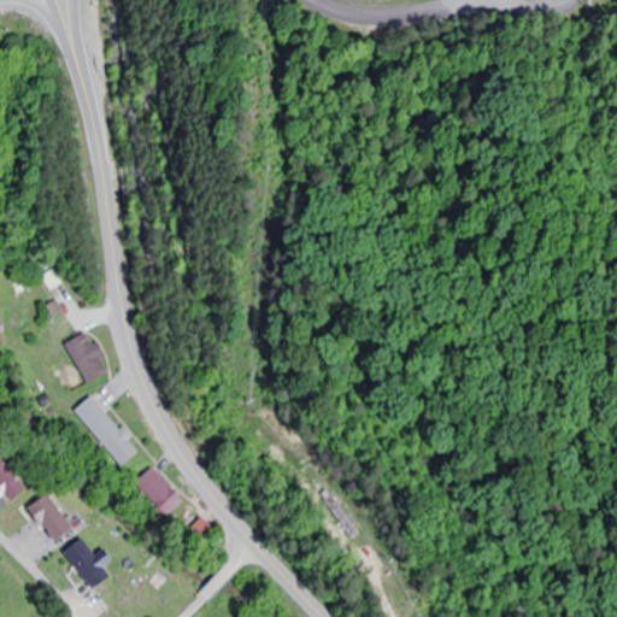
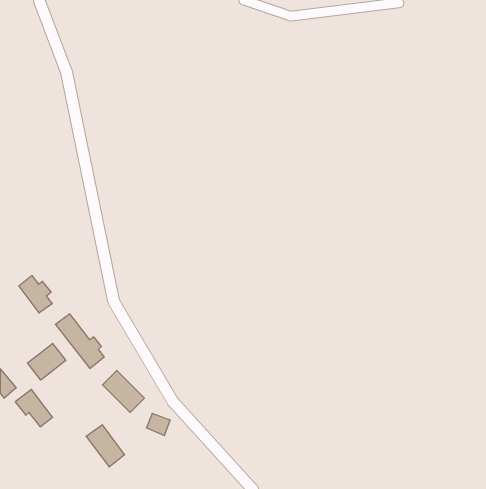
building: [65,334,107,381] -> [19,276,52,313]
building: none -> [27,343,66,380]
building: [59,535,107,588] -> [86,425,124,467]

